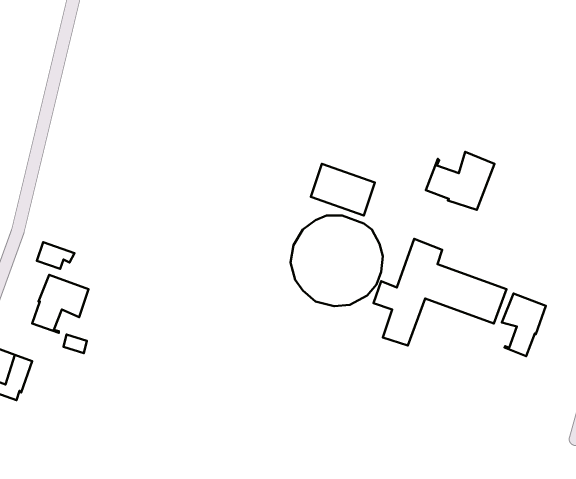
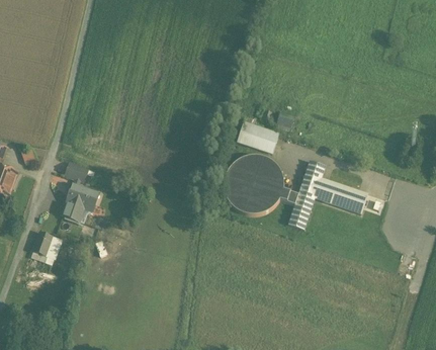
building: [426,152,494,210] -> none
building: [502,294,546,356] -> none

